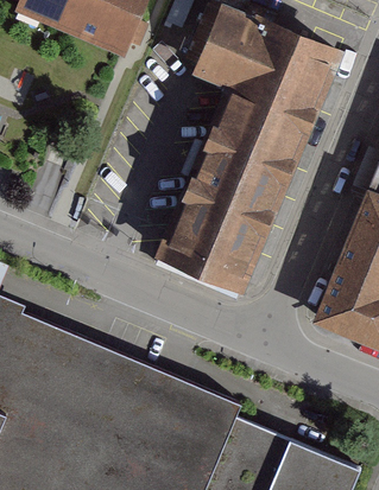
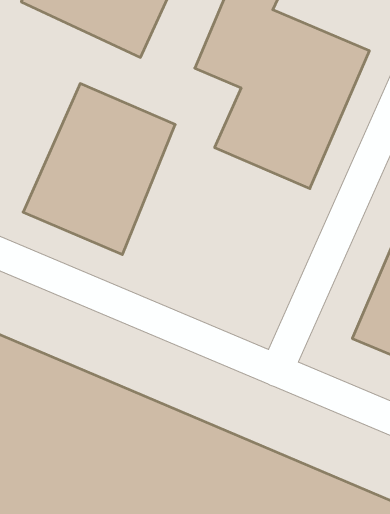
building: [150,139,286,292] -> [23,84,175,255]

